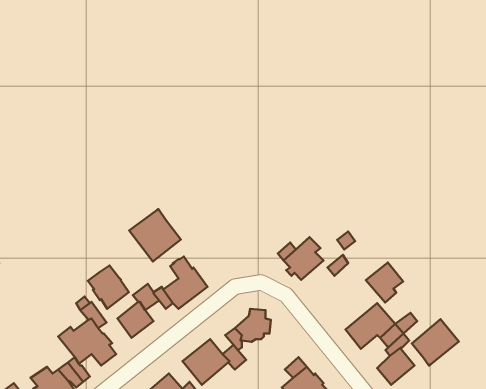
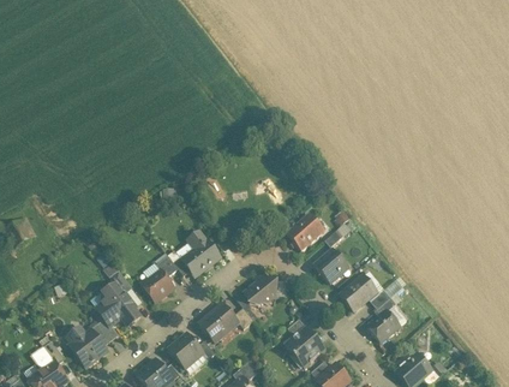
building: [129,209,181,261] -> none
building: [366,262,403,302] -> [313,249,346,284]
building: [88,265,129,309] -> none
building: [412,319,459,366] -> none

